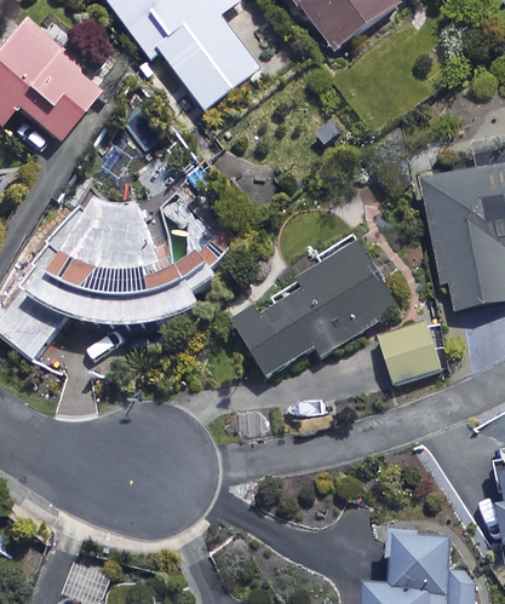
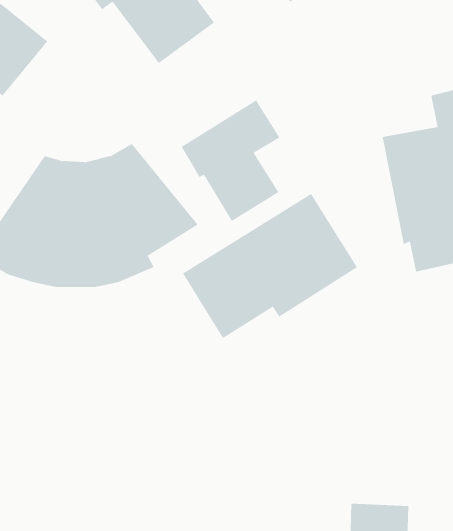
building: none -> [181,99,280,222]
building: [374,316,449,387] -> none

